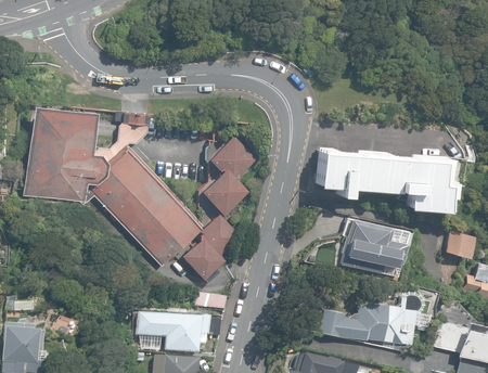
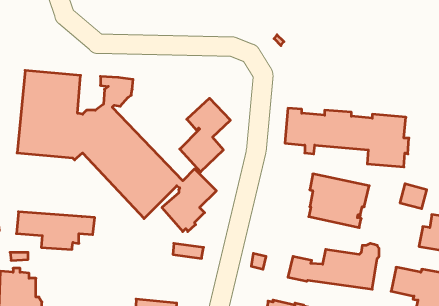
building: [138,312,223,353] -> [16,212,95,249]

